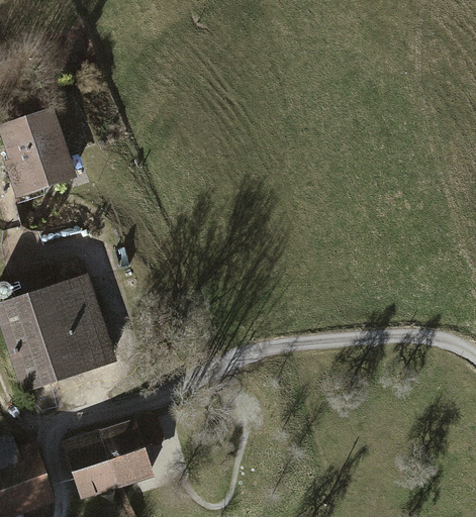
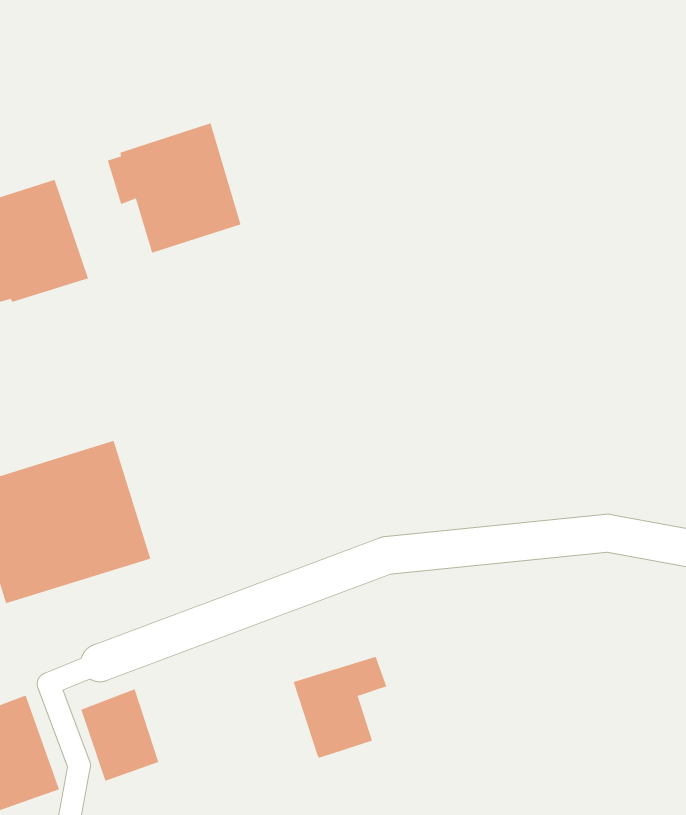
building: none -> [107,123,241,253]
building: [101,420,161,485] -> [293,656,387,759]

